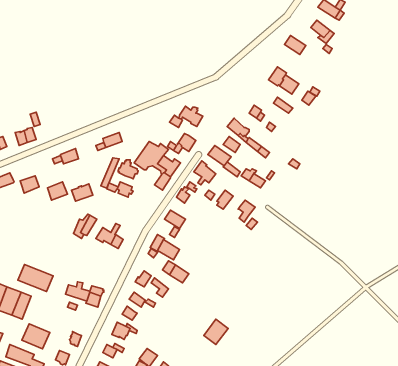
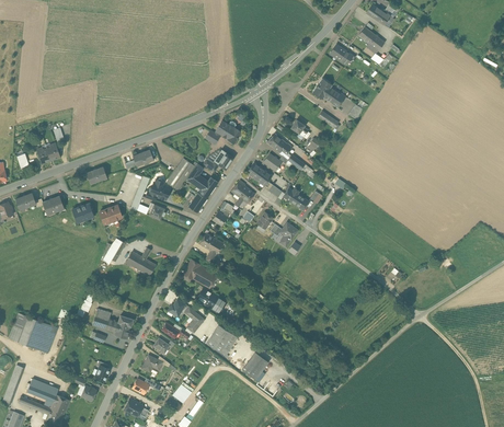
building: [18,265,53,291] -> none
building: none -> [206,325,238,356]
building: [22,324,50,349] -> none

